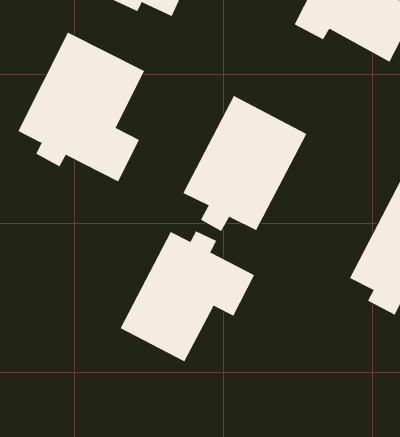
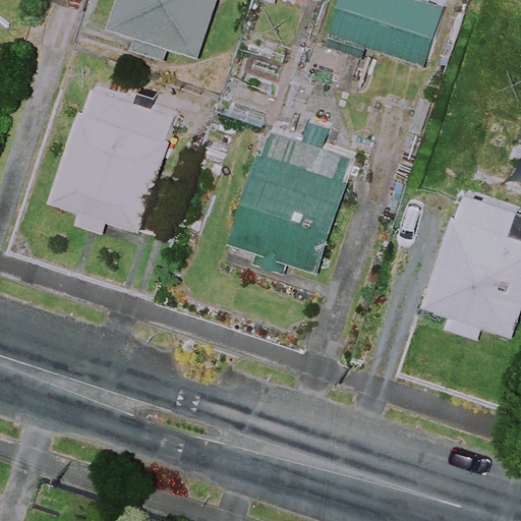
building: [120,230,255,362] -> none

